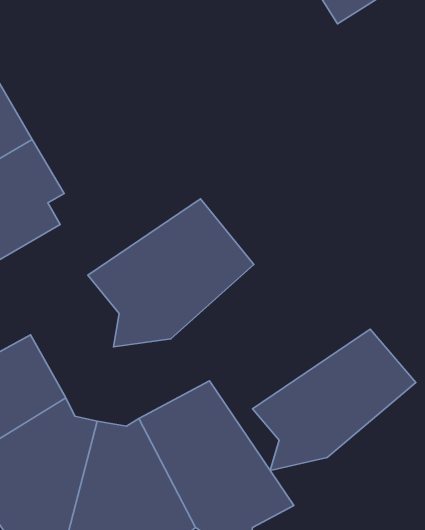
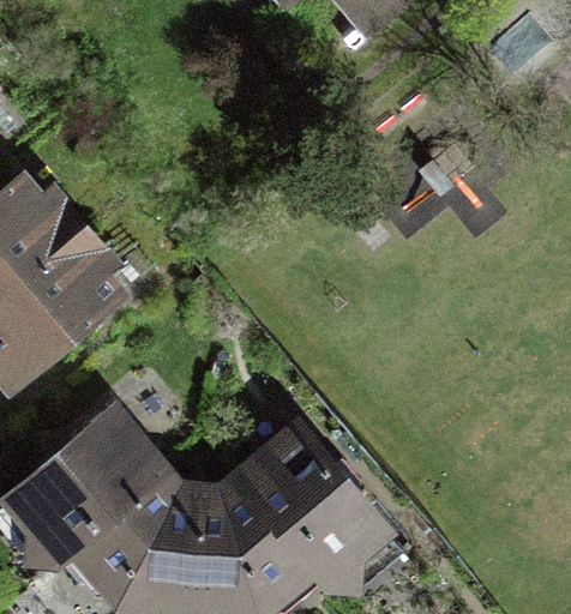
building: [88,199,254,347] -> none
building: [252,329,416,471] -> none

